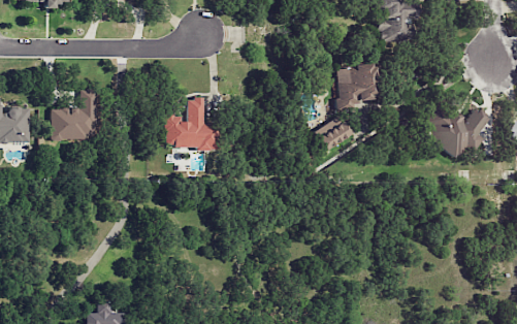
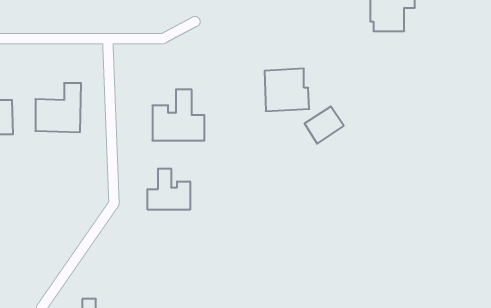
building: [336,63,380,104] -> [265,69,309,111]
building: [420,106,487,159] -> none
building: none -> [148,169,190,210]

